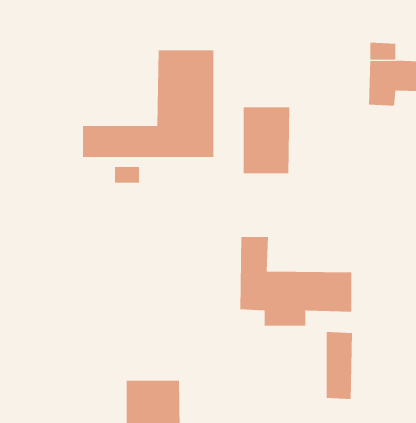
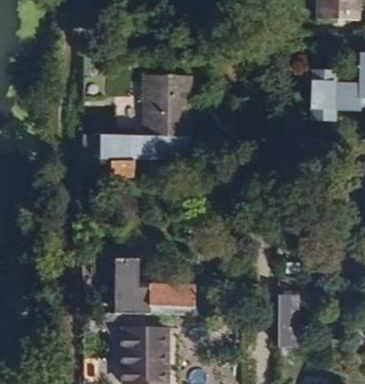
building: [243,106,290,174] -> none
building: [239,236,352,326] -> [117,257,206,327]

